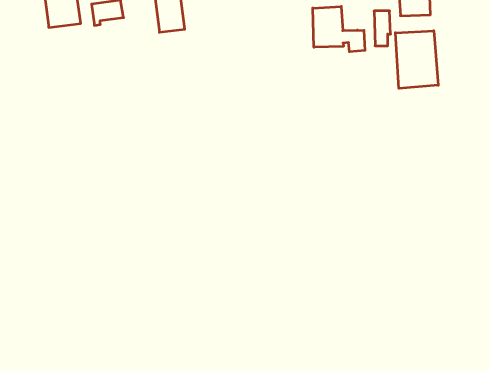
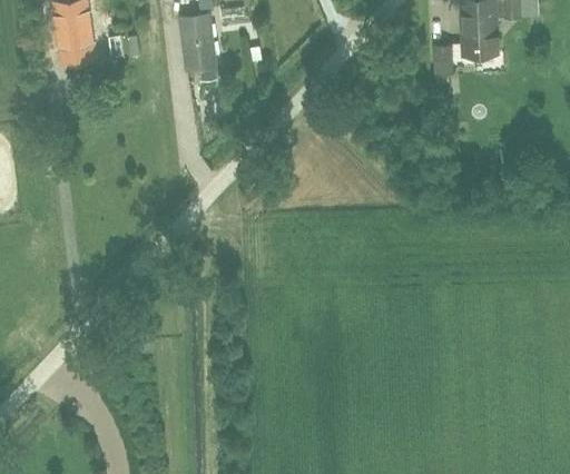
building: [313,6,365,52] -> none
building: [395,31,438,88] -> none

